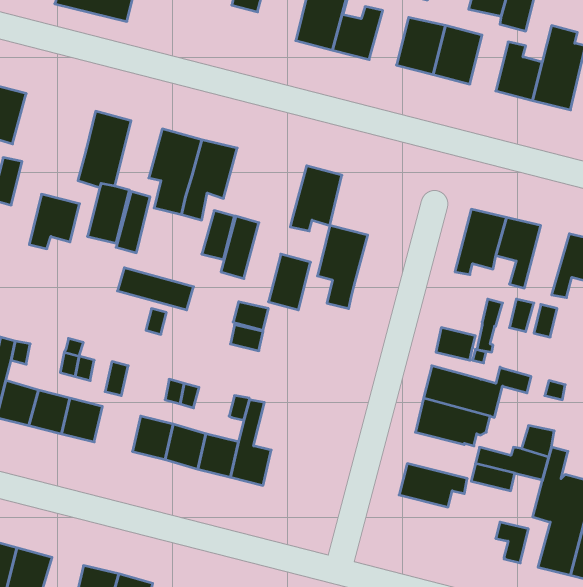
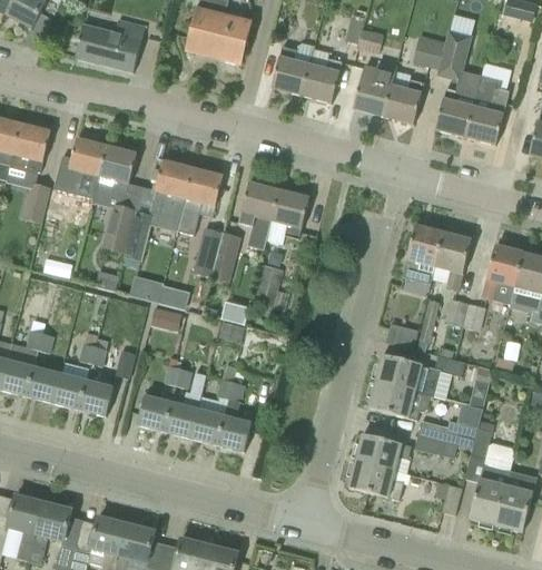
building: [29,194,80,249] -> [67,137,108,181]
building: [317,226,368,309] -> [239,181,280,249]
building: none -> [348,459,403,500]

